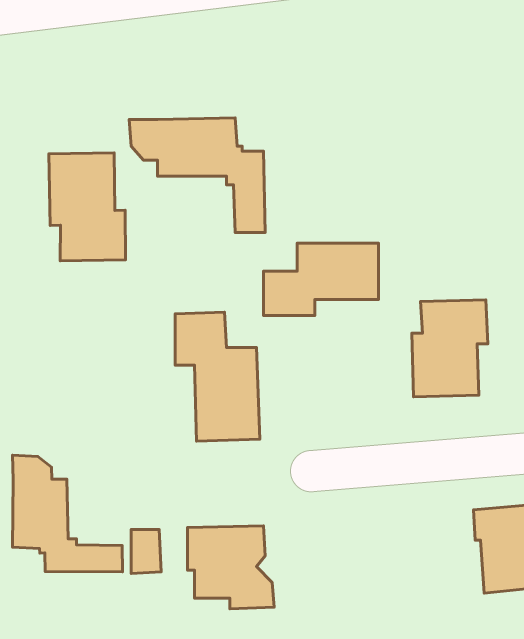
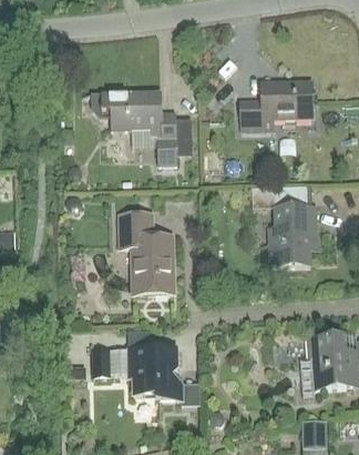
building: [49,153,126,261] -> none
building: [264,243,378,315] -> [240,81,312,127]
building: [13,455,123,572] -> none

